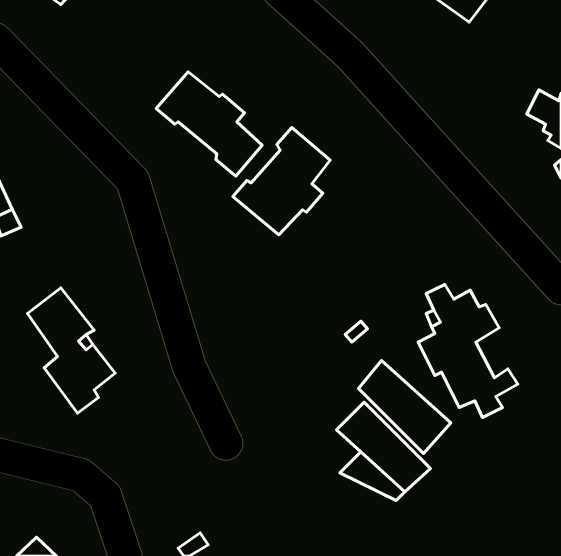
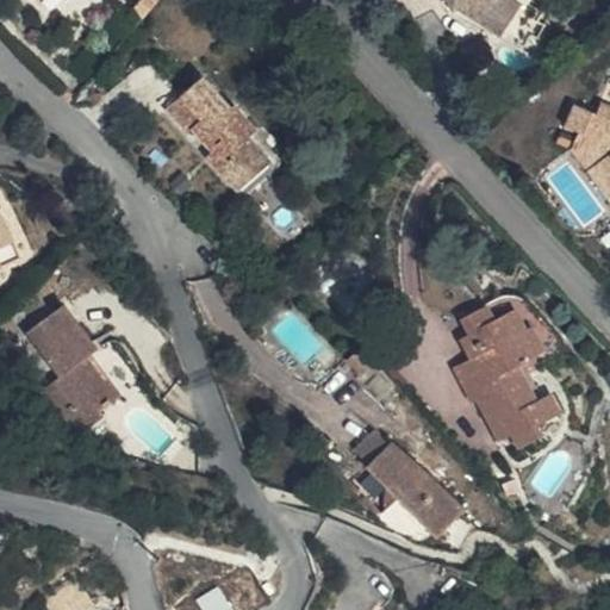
building: [233,128,330,235] -> none
building: [359,361,451,453] -> none

